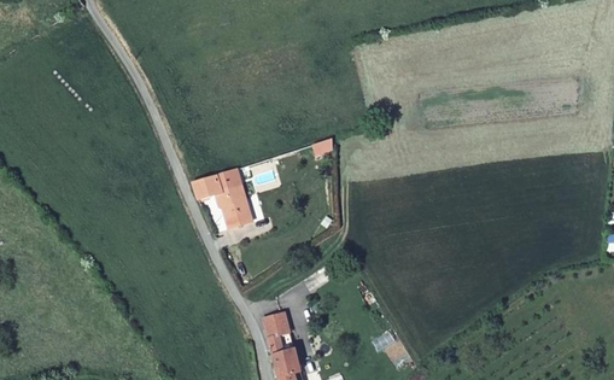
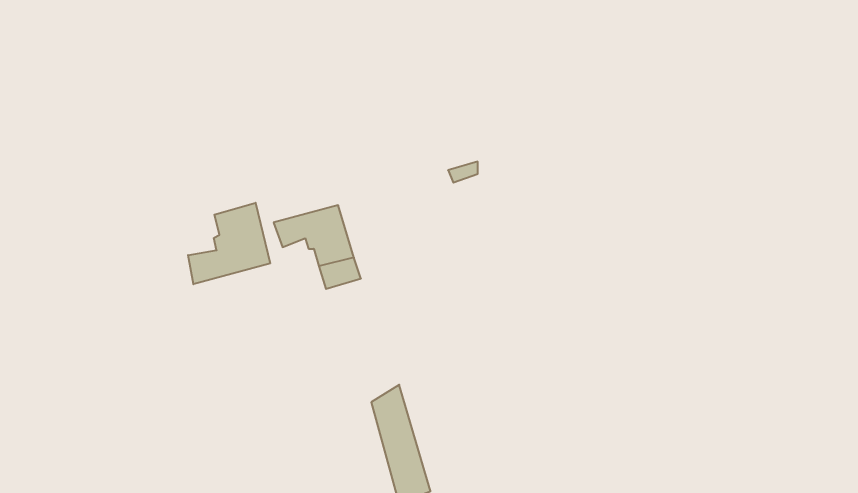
building: none -> [188,203,270,284]

